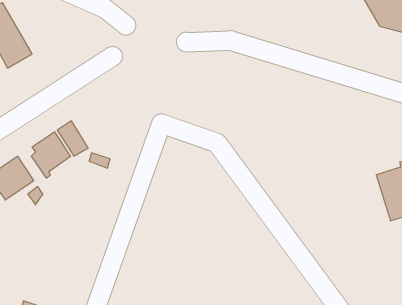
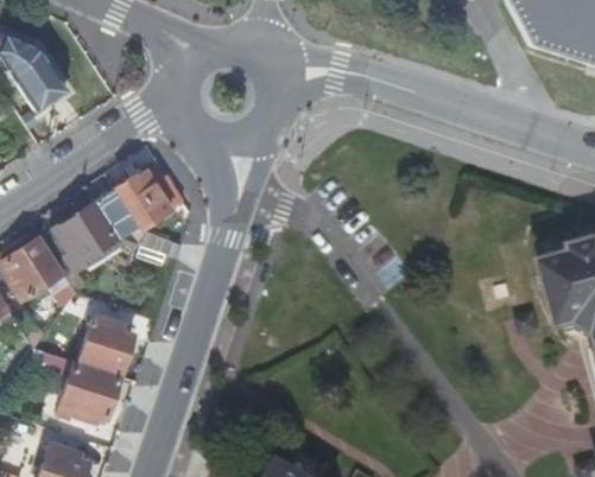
building: none -> [114,163,179,225]
building: none -> [76,312,131,373]
building: none -> [52,363,115,422]

